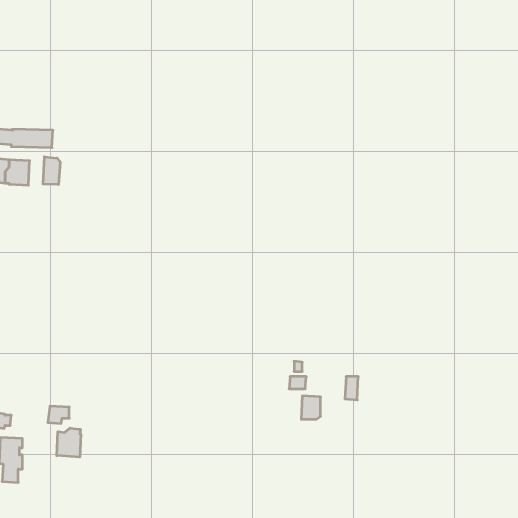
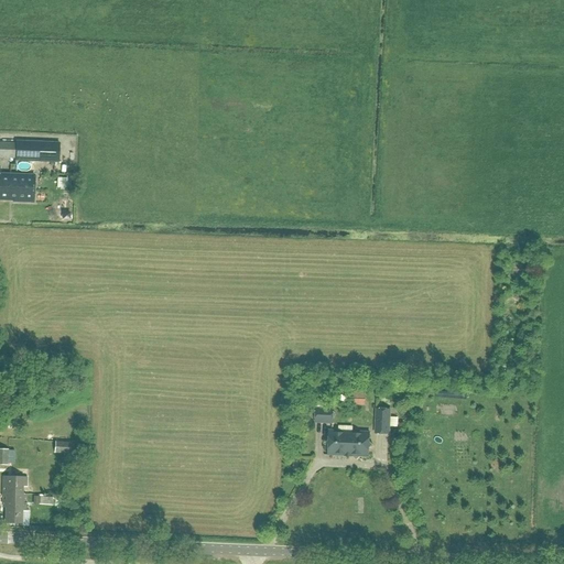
building: [43,157,60,185] -> none
building: none -> [347,430,371,458]
building: [57,428,81,457] -> none

